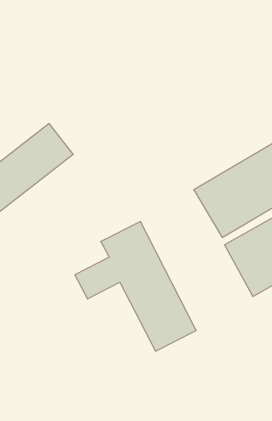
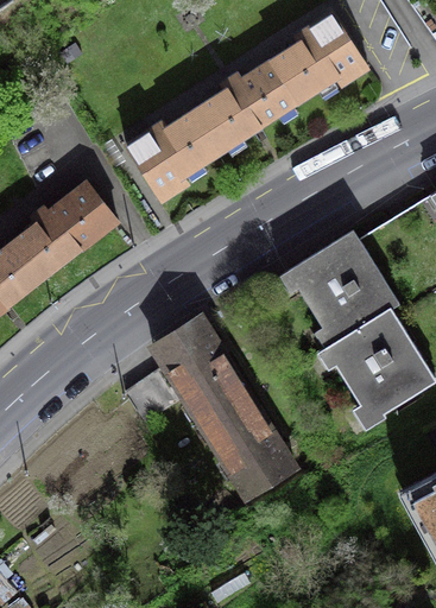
building: none -> [125,15,364,195]

